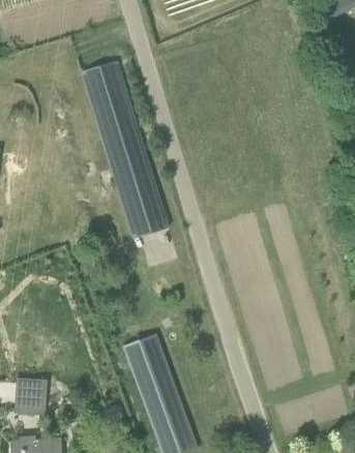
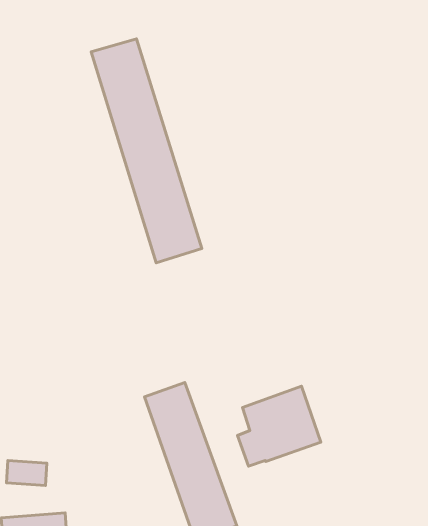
building: none -> [238,386,321,466]
building: [16,379,48,398] -> none

